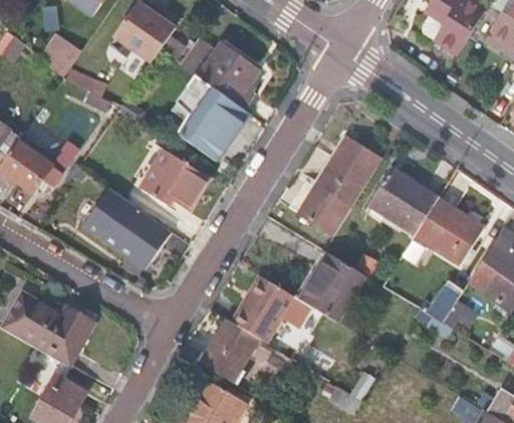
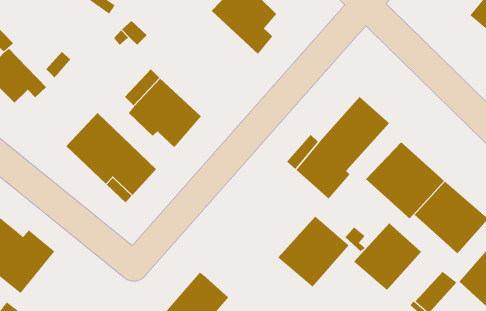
building: [182,75,249,161] -> none
building: none -> [353,223,422,291]
building: [233,274,298,344] -> none

